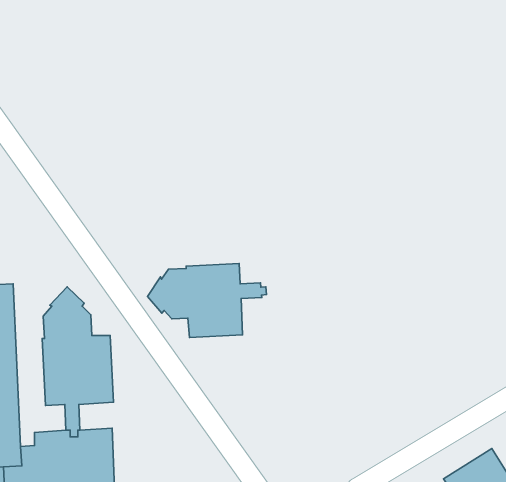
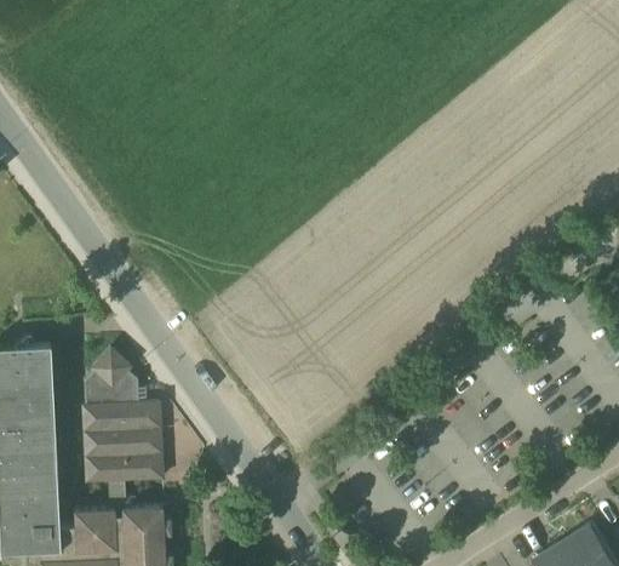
building: [148,264,267,337] -> none

